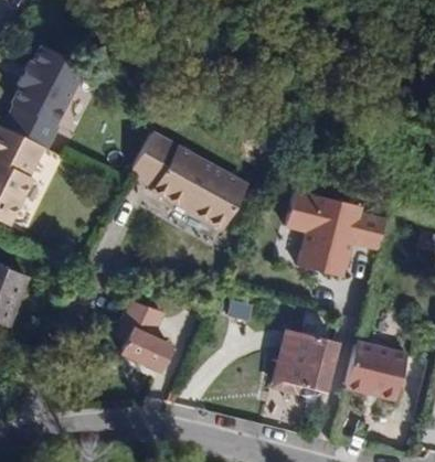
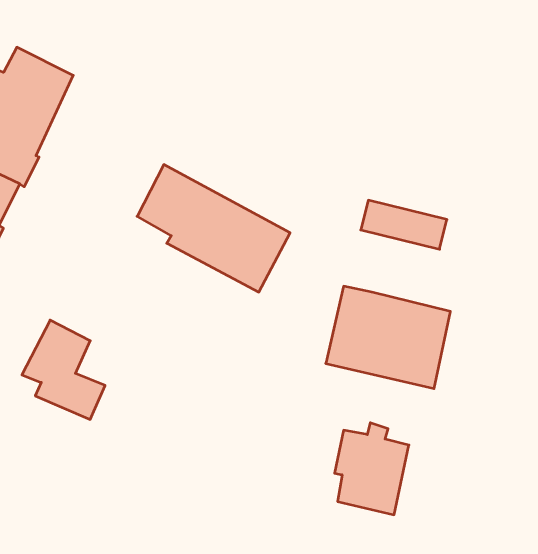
building: [307,204,371,240] -> [361,200,447,249]
building: [108,297,170,370] -> [22,320,105,419]
building: [346,341,409,399] -> none

